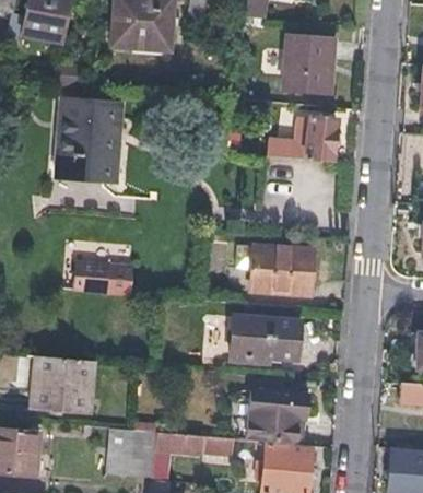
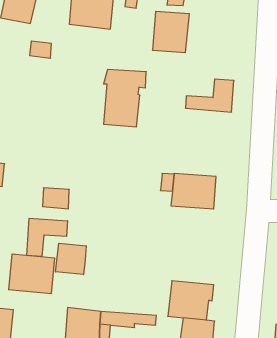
building: [285,37,336,93] -> [152,11,189,53]
building: [60,103,118,180] -> [104,69,146,127]
building: none -> [27,218,68,257]
building: [235,317,303,362] -> none
building: none -> [56,243,86,275]

